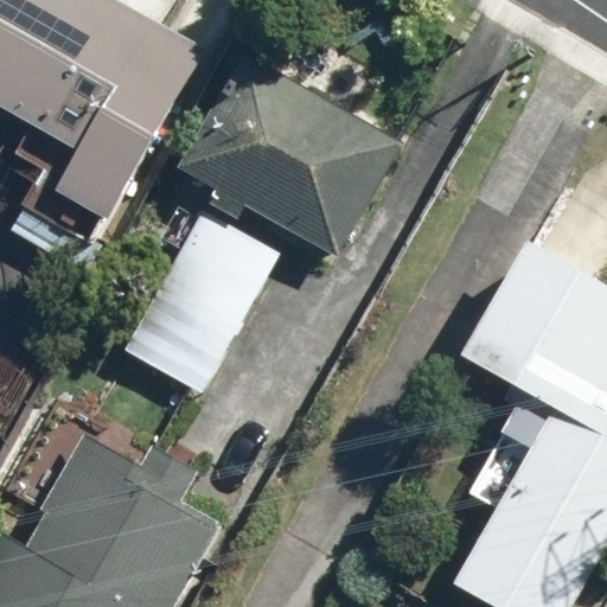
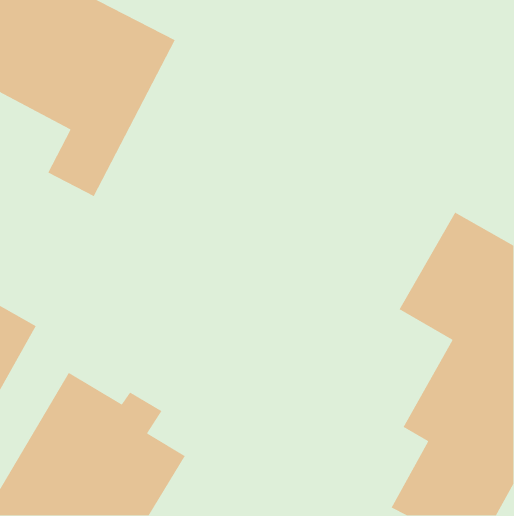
building: [179,58,403,256] -> none
building: [124,212,280,394] -> none

